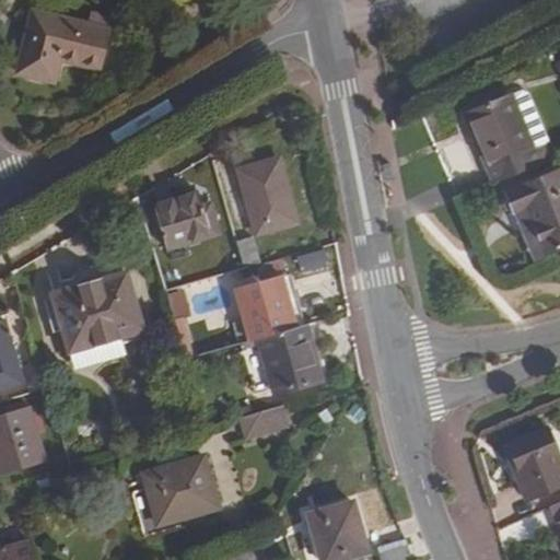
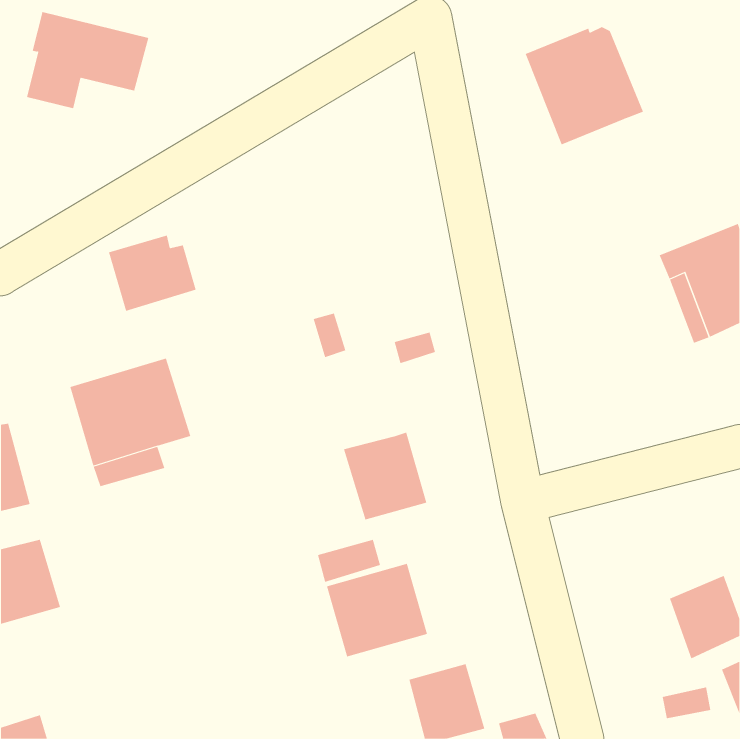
building: [459,92,549,182] -> [525,26,644,145]
building: [238,158,296,233] -> none
building: [154,190,221,248] -> [108,235,197,312]
building: [234,273,298,342] -> none
building: [142,454,219,525] -> [326,563,428,657]

